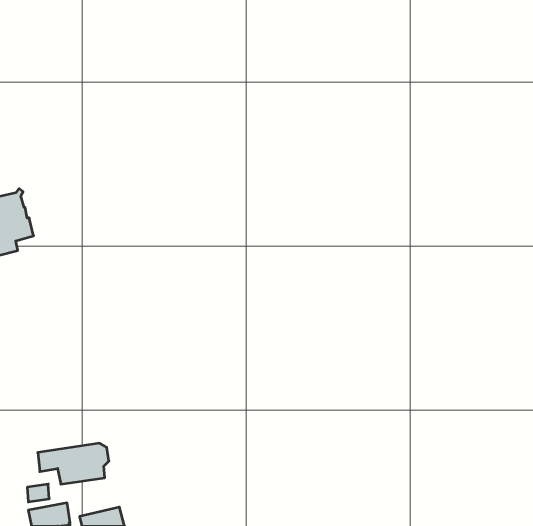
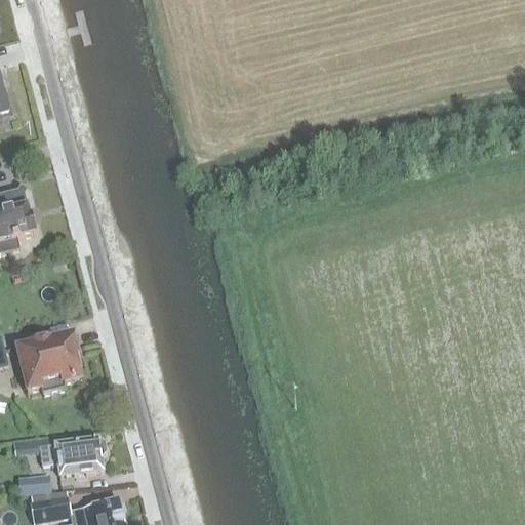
building: none -> [14,328,84,391]

